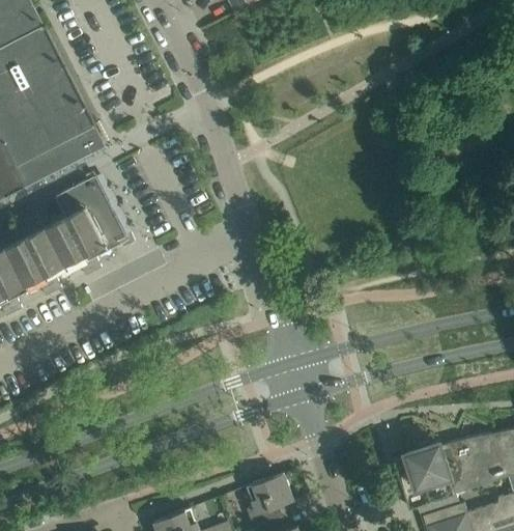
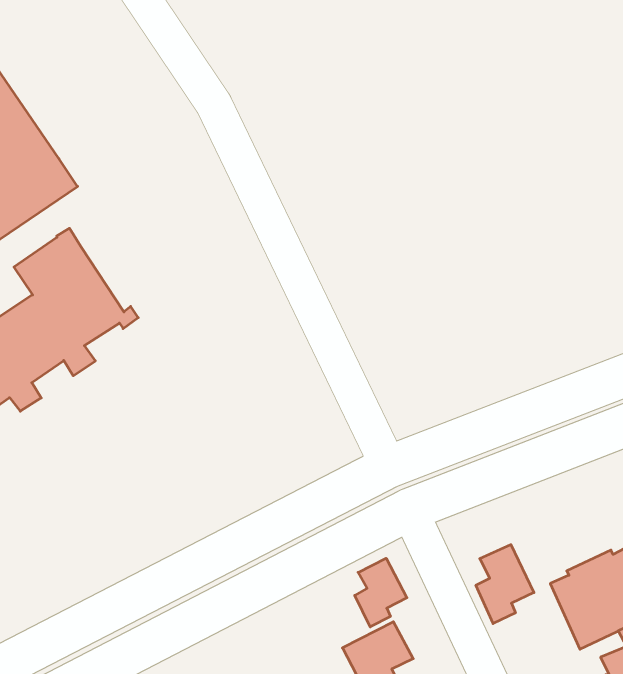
building: none -> [355,558,407,627]
building: none -> [476,545,534,624]

